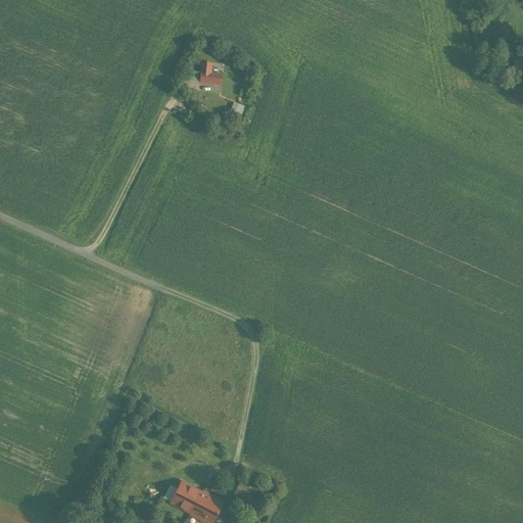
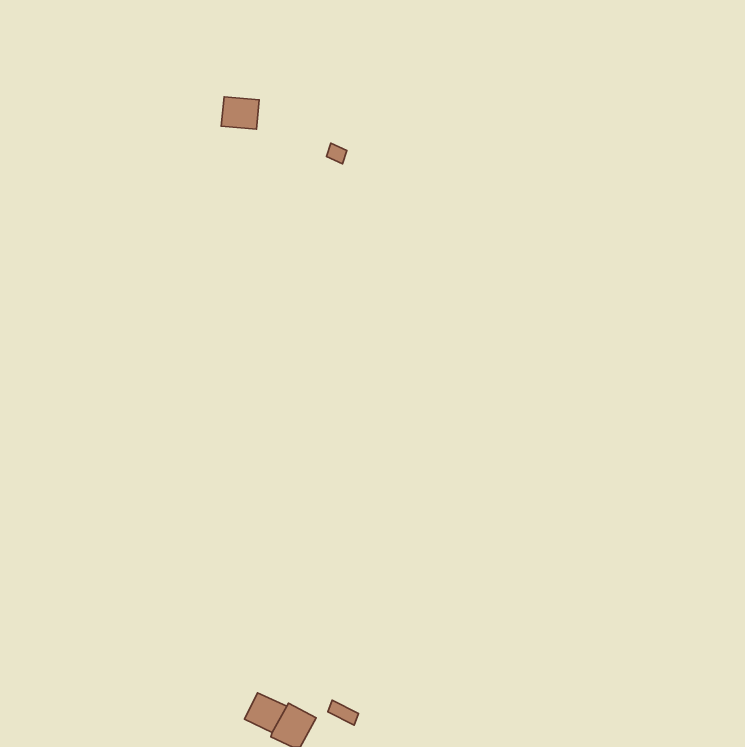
building: [196,64,223,87] -> [221,97,259,129]

